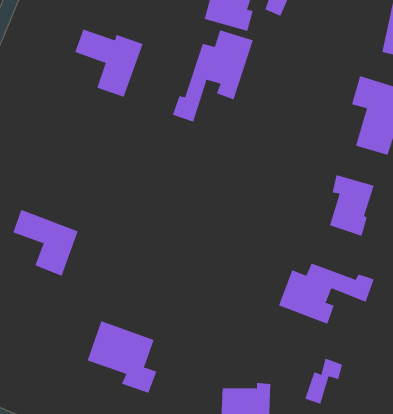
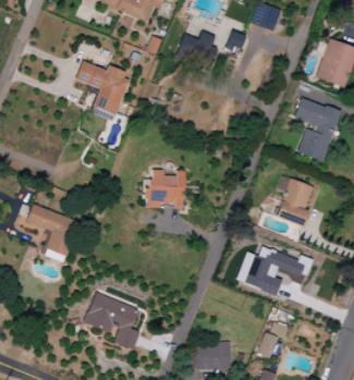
building: [172,29,253,123] -> none
building: none -> [145,170,184,208]

